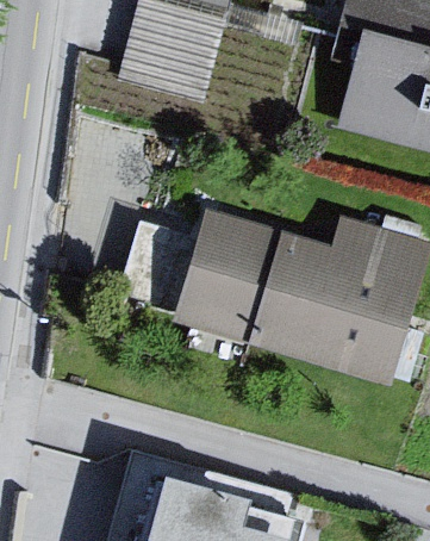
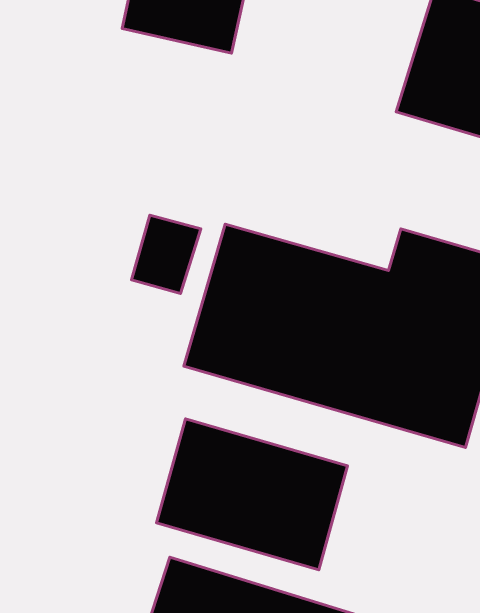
building: none -> [157,419,348,570]

